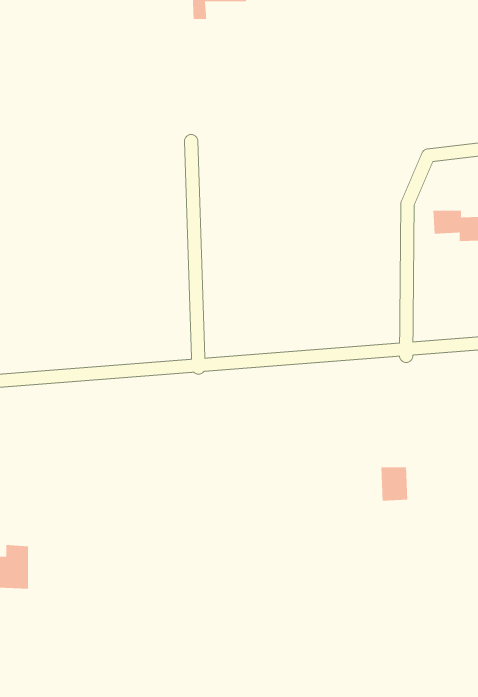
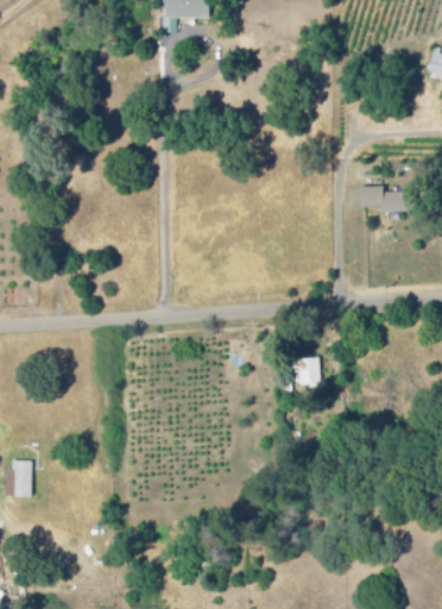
building: [380,467,408,502] -> [297,357,320,385]

